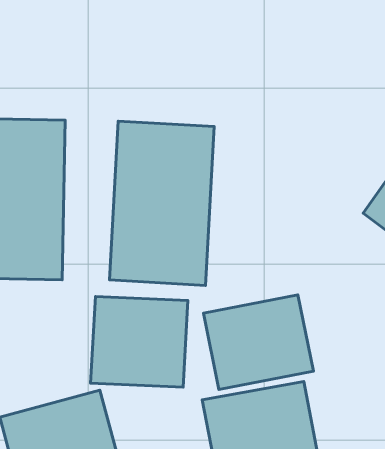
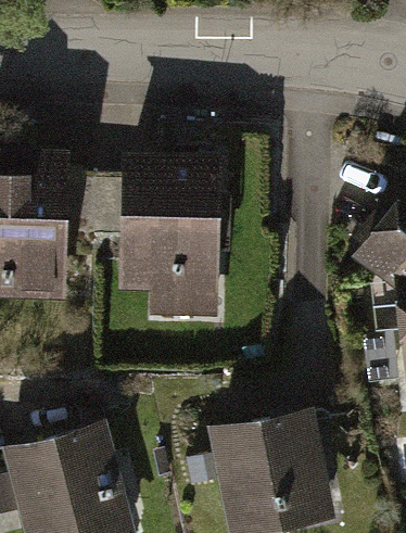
building: [203,295,314,389] -> none
building: [91,296,188,387] -> none

